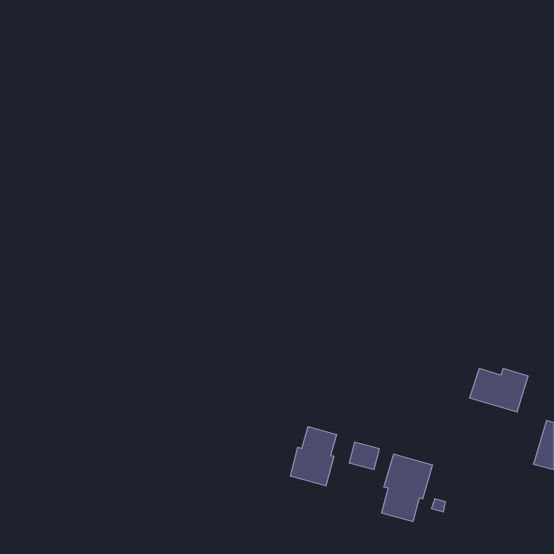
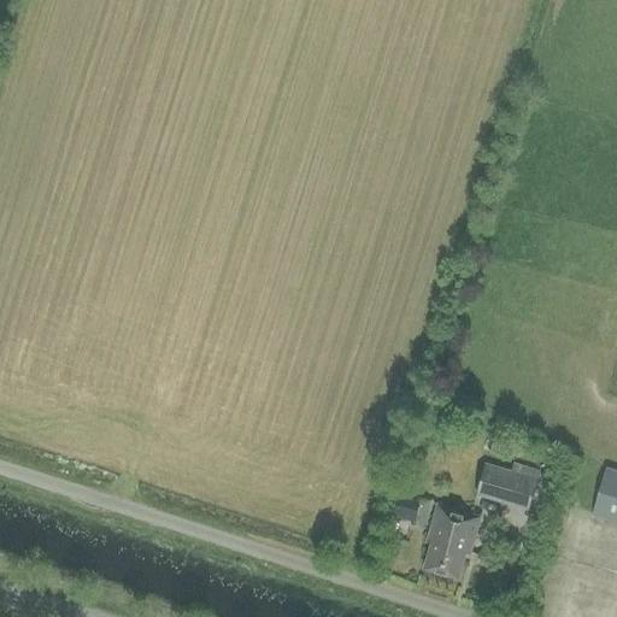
building: [469,369,528,412] -> [477,464,542,512]
building: [291,427,337,486] -> none

